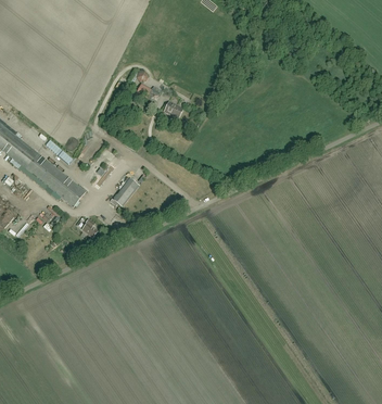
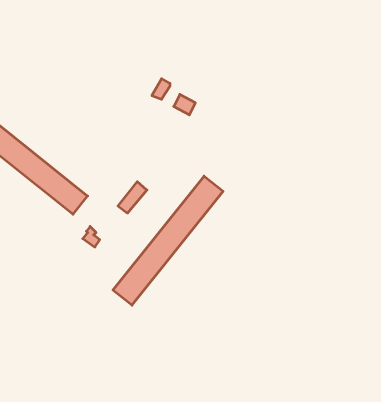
building: none -> [113,176,223,305]

